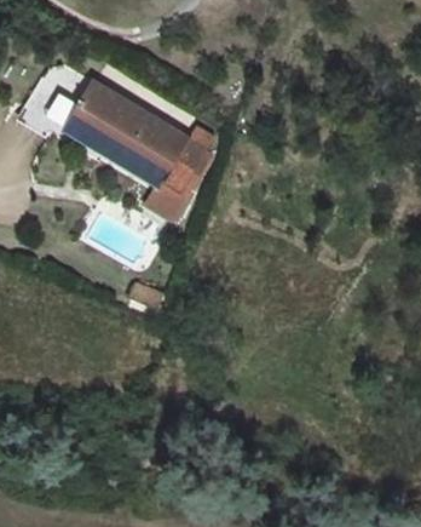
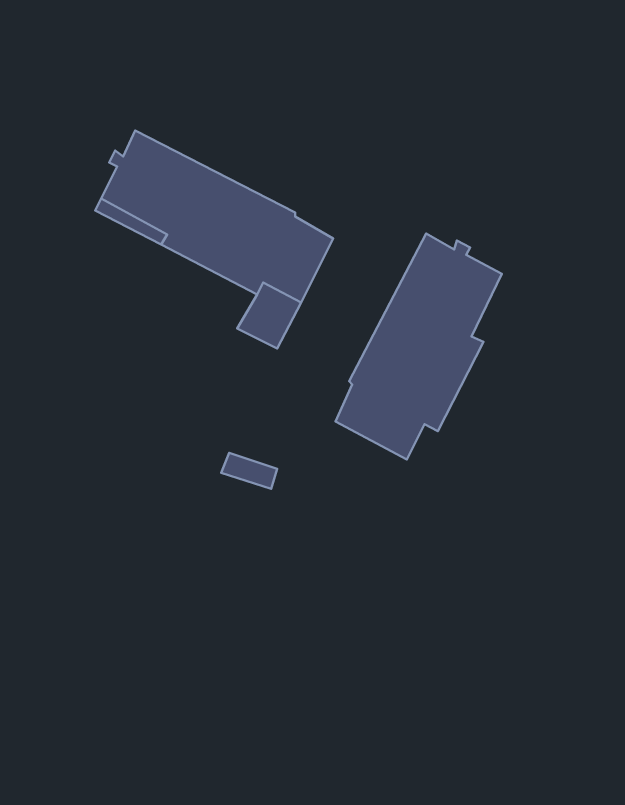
building: none -> [335,234,502,460]

